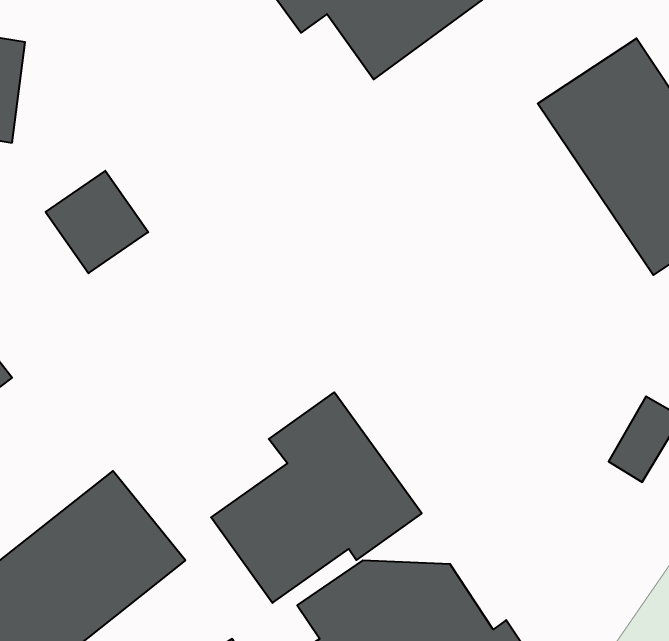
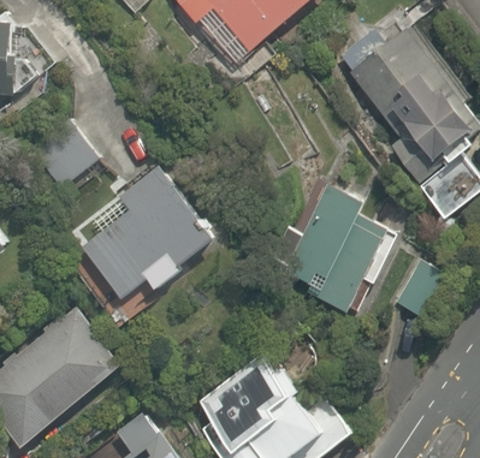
building: none -> [290,185,390,308]
building: [211,392,422,603] -> [78,165,214,301]

